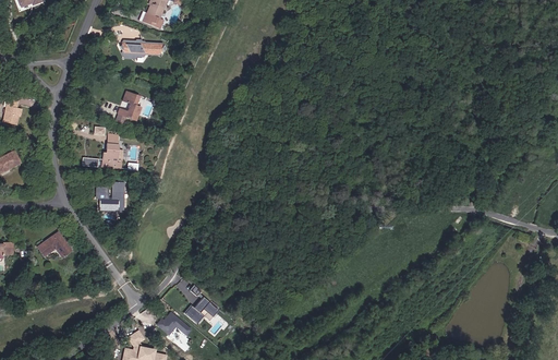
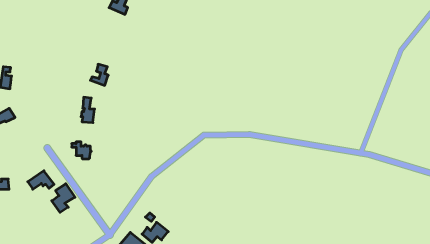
building: [120,40,165,62] -> none
building: none -> [52,184,75,212]

